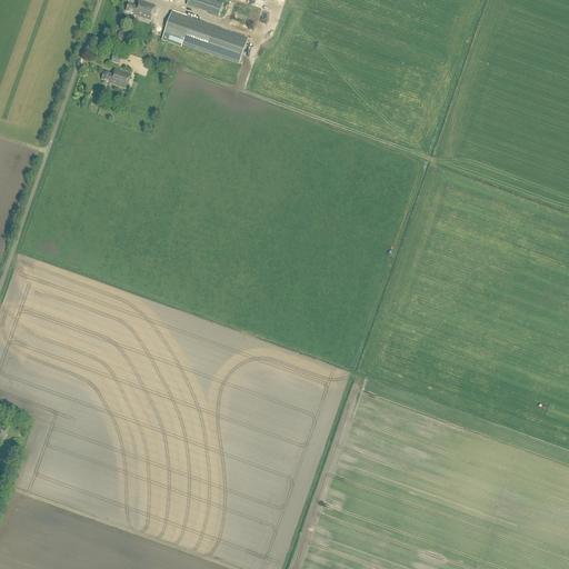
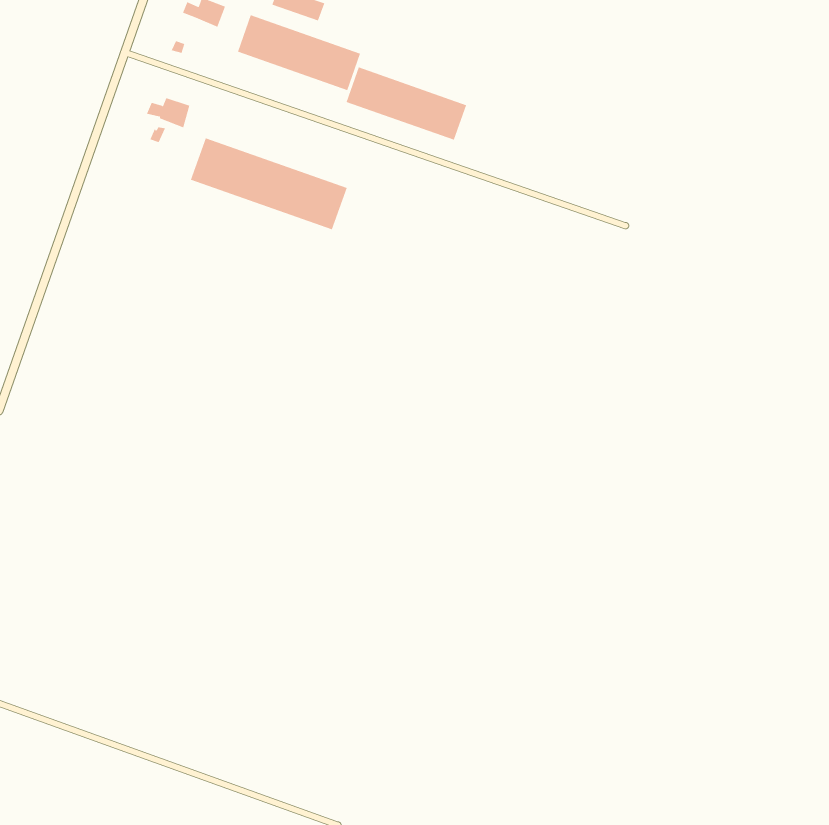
building: none -> [346,67,467,141]
building: none -> [190,137,347,230]

